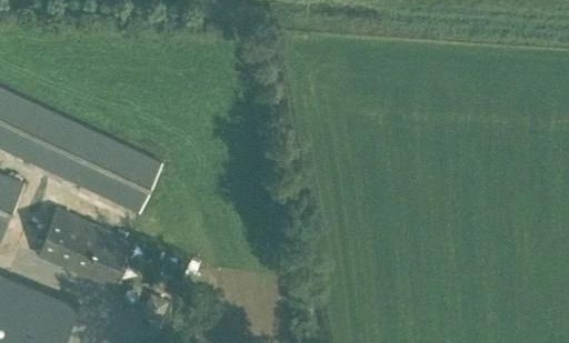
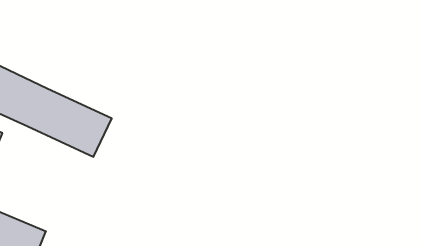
building: [39,210,128,286] -> none

